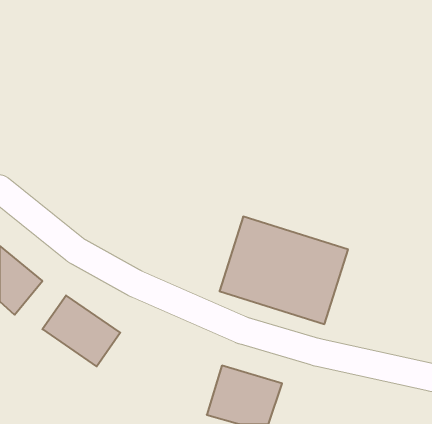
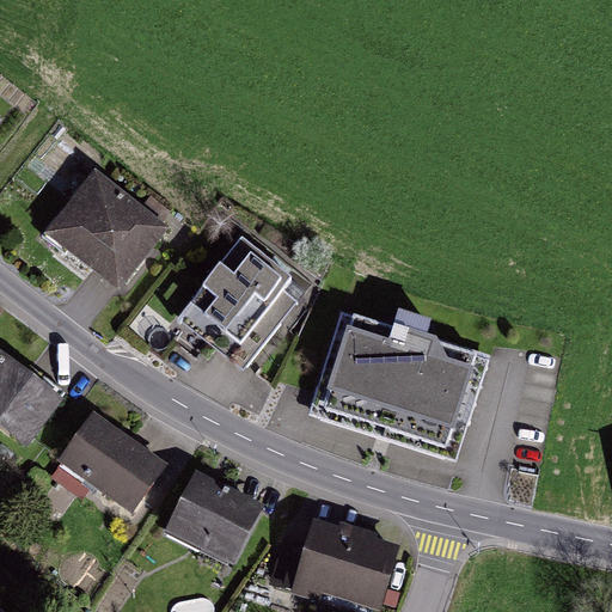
building: none -> [44,169,170,293]
building: none -> [173,231,302,363]
building: none -> [166,470,261,556]

